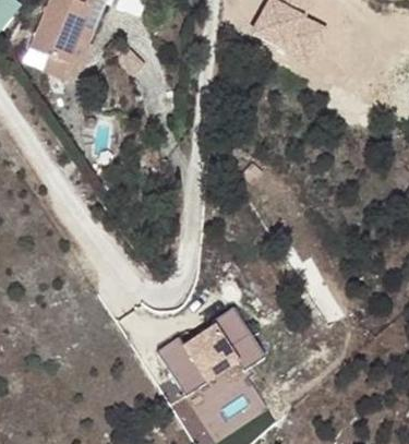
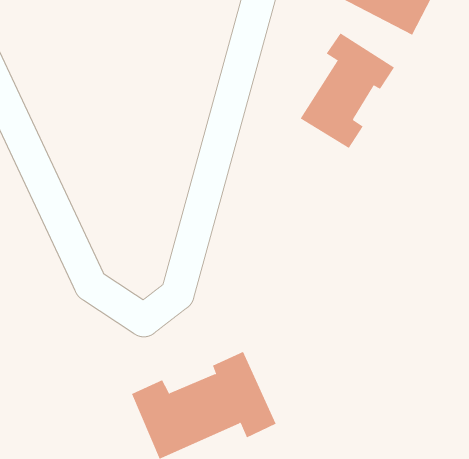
building: none -> [300,32,395,149]

